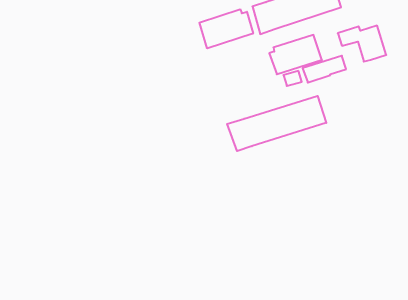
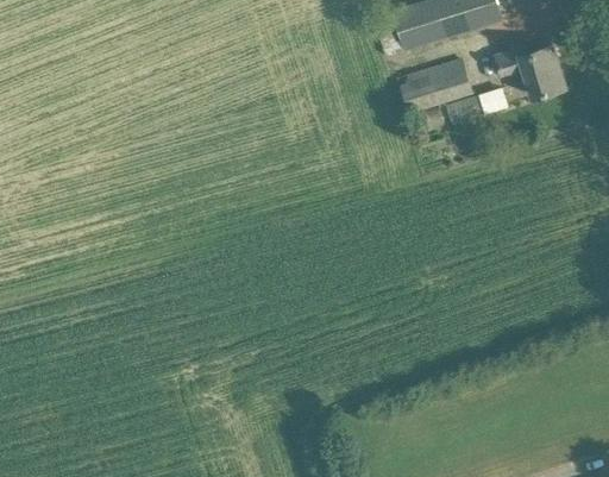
building: [199,9,253,48] -> none
building: [227,96,326,151] -> none

